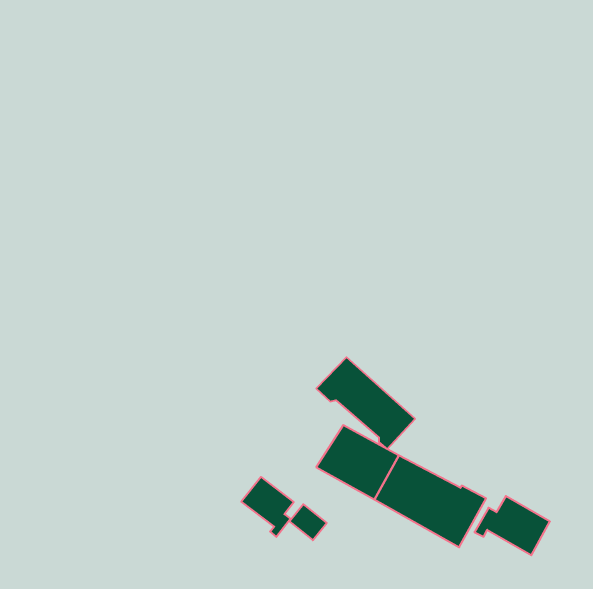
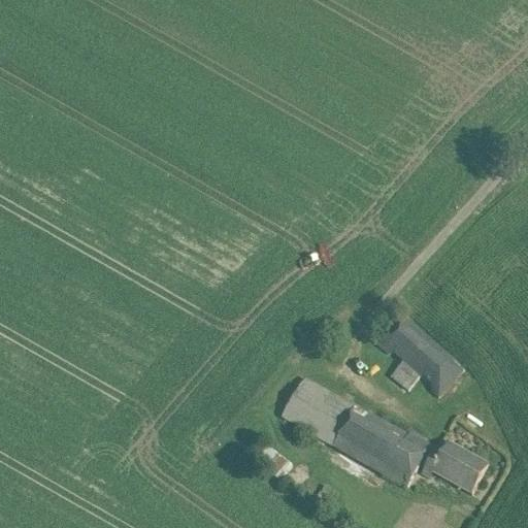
building: [316,357,415,449] -> [375,314,463,395]
building: [241,477,294,537] -> none

